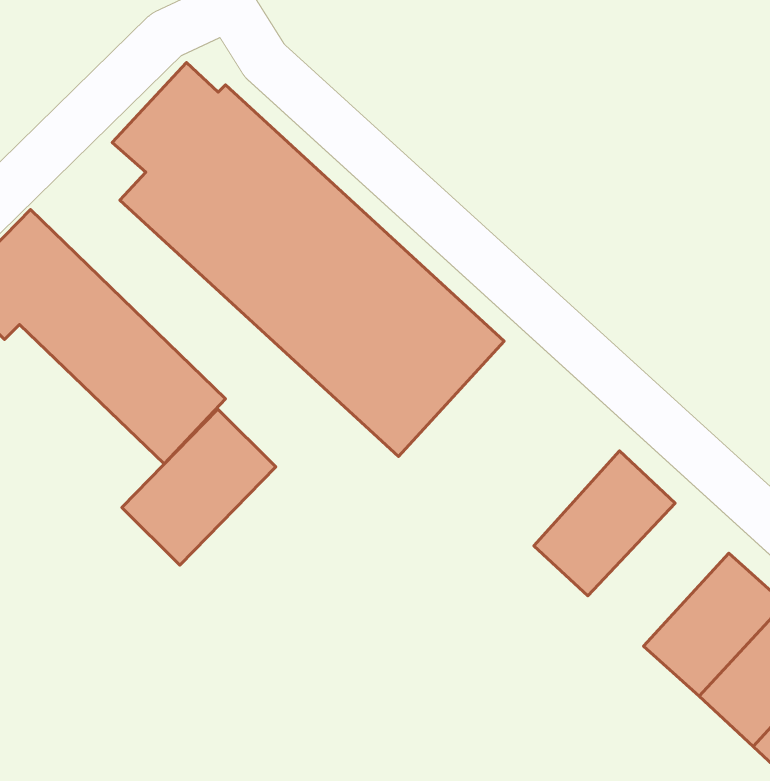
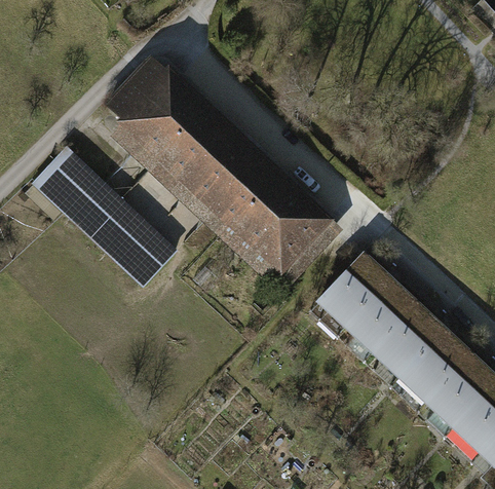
building: none -> [315,252,393,332]
building: [122,409,276,565] -> none
building: none -> [376,308,454,387]

